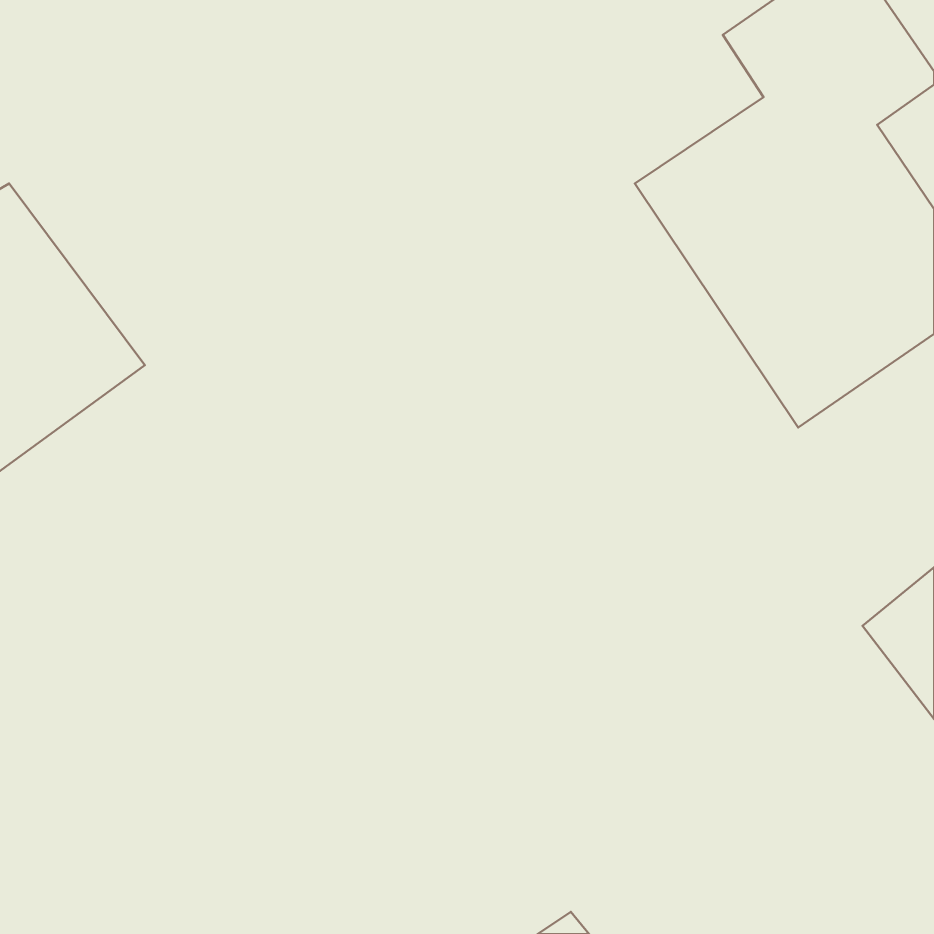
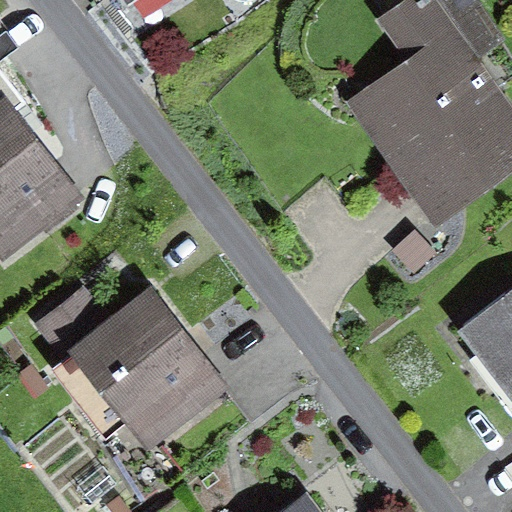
building: none -> [49,286,227,450]

